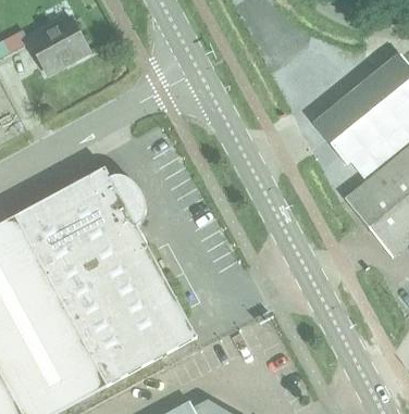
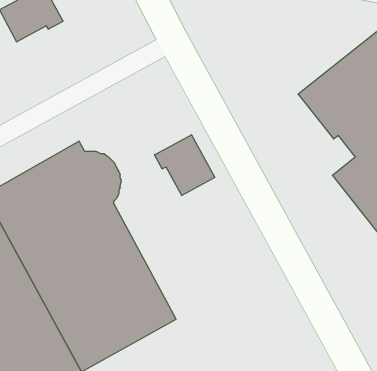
building: none -> [154,135,215,196]

